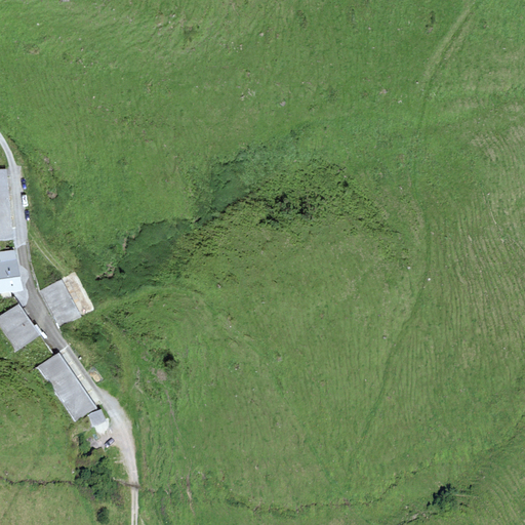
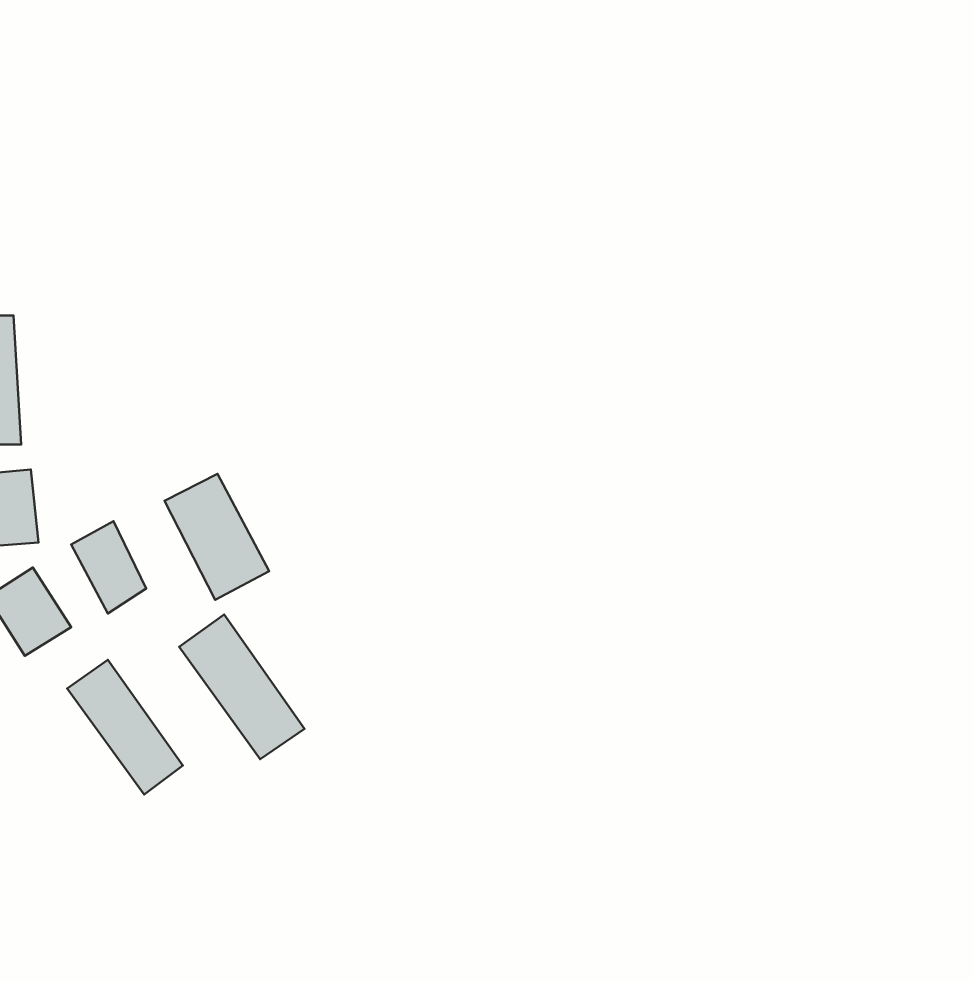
building: none -> [165,474,269,600]
building: none -> [179,615,304,759]

